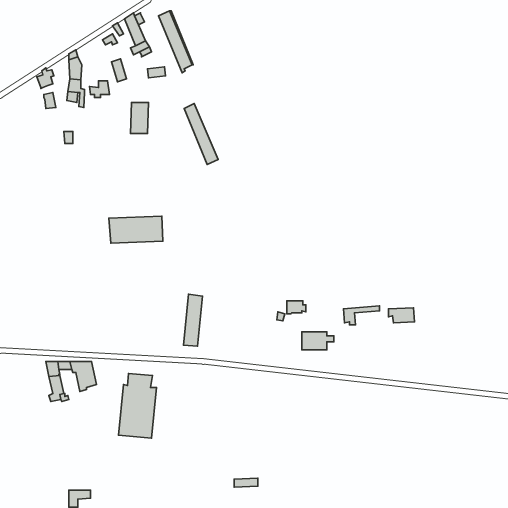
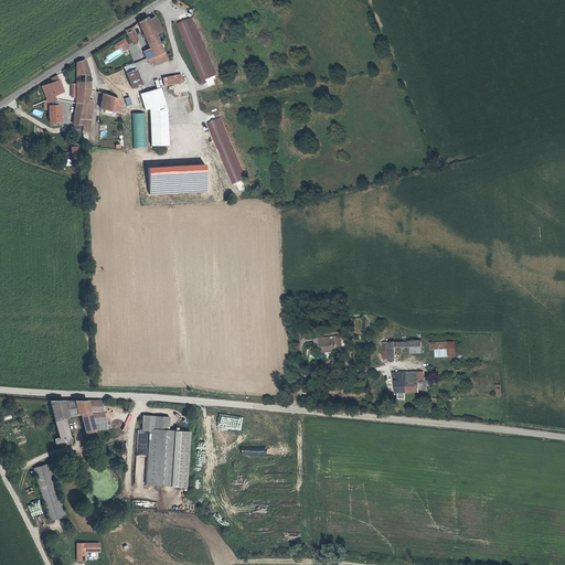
building: none -> [138,93,166,115]
building: [109,216,163,243] -> [149,166,209,195]
building: [184,294,202,346] -> [169,430,190,488]
building: [302,332,334,350] -> [396,372,431,392]
building: none -> [34,465,66,521]

